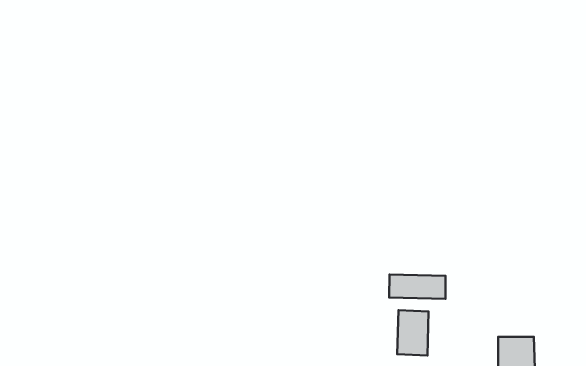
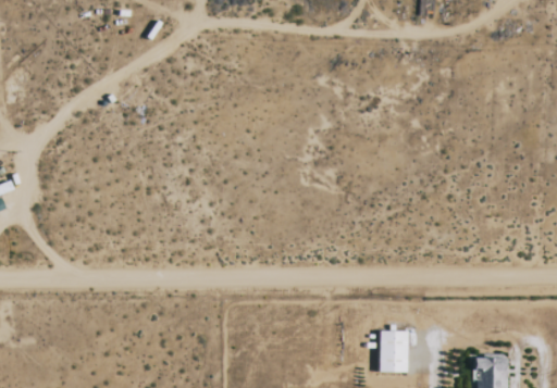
building: [389,274,446,299] -> none

